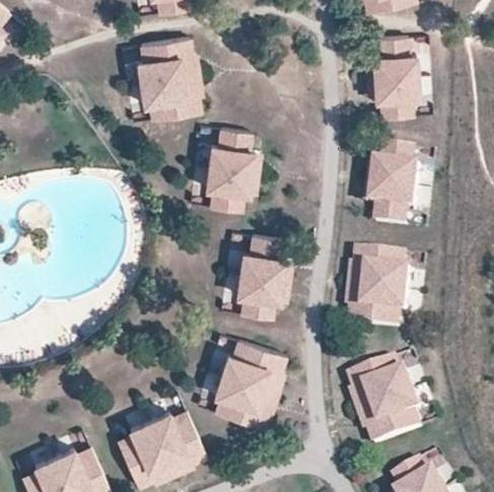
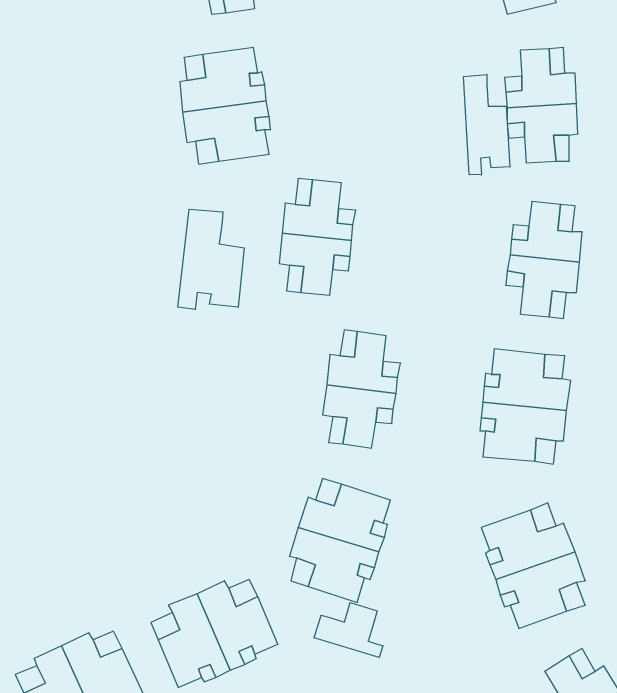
building: none -> [464,74,510,175]
building: none -> [178,209,244,310]
building: none -> [314,603,383,658]

